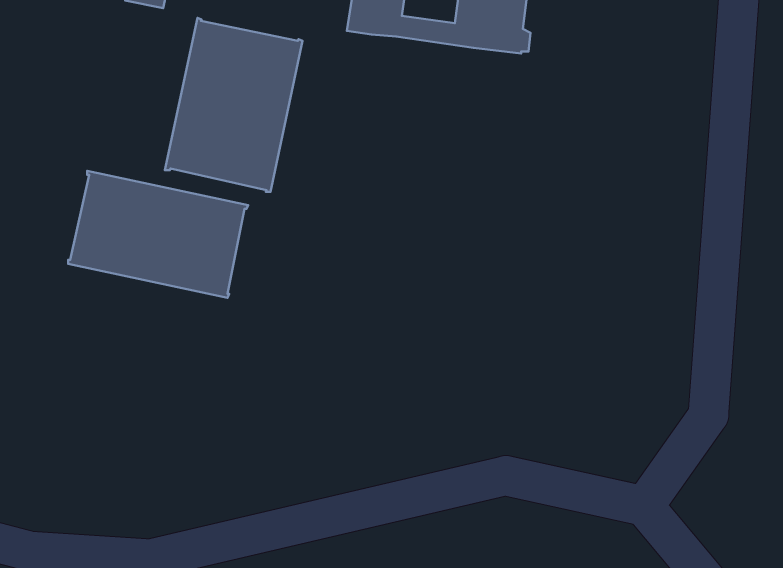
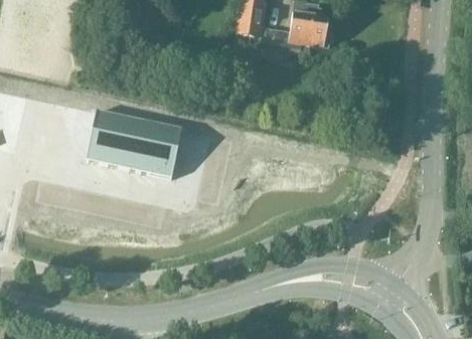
building: [165,18,302,192] -> none

